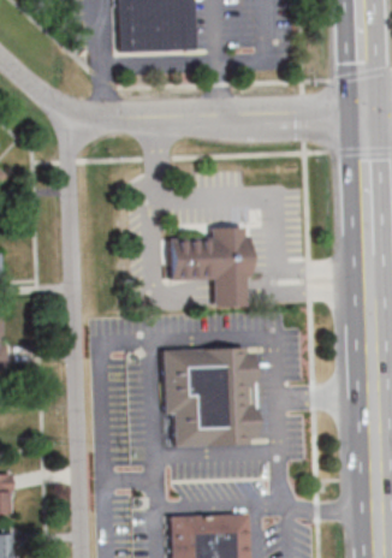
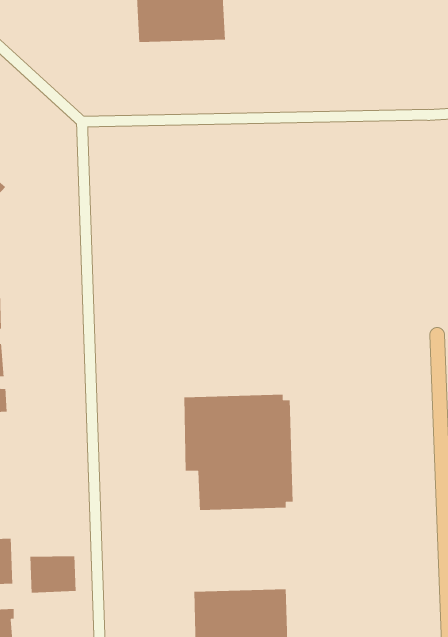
building: [172,226,253,307] -> none
building: none -> [29,556,76,593]

